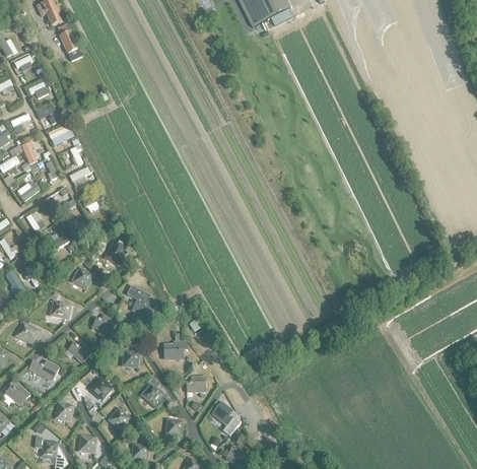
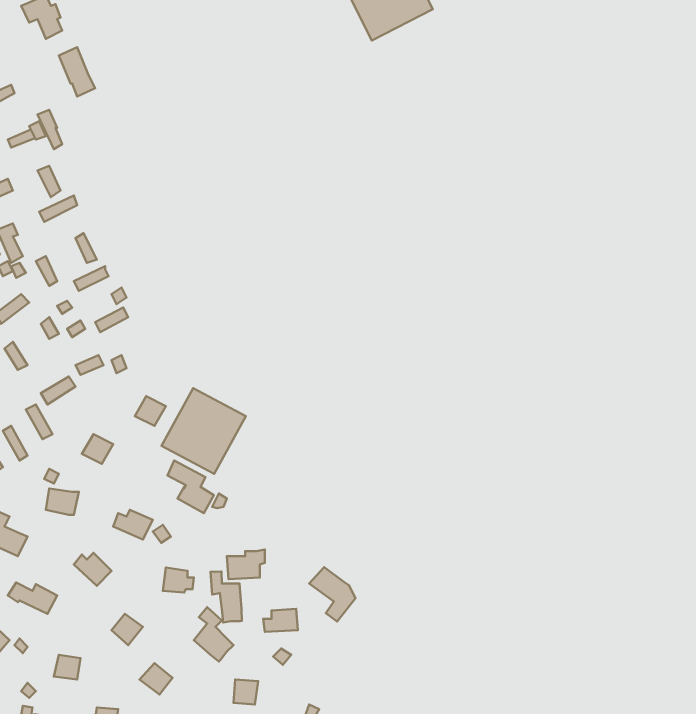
building: none -> [162,388,246,474]
building: none -> [211,571,242,622]
building: [210,402,238,436] -> [309,567,355,621]

